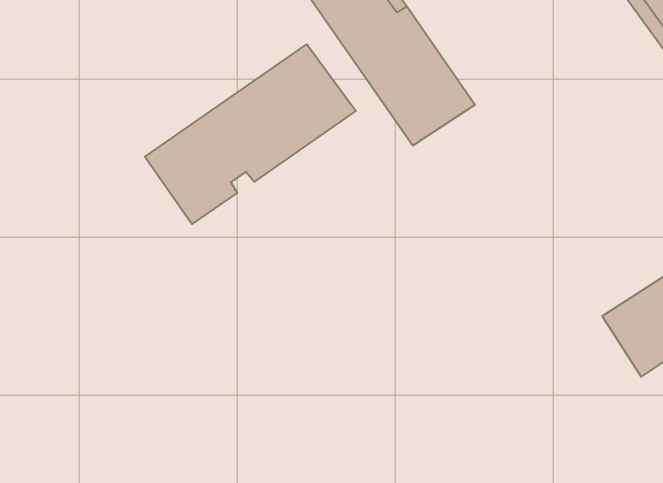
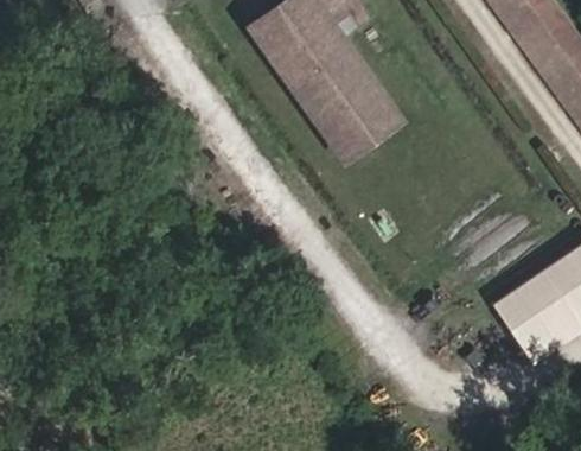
building: [145,44,356,224] -> none

